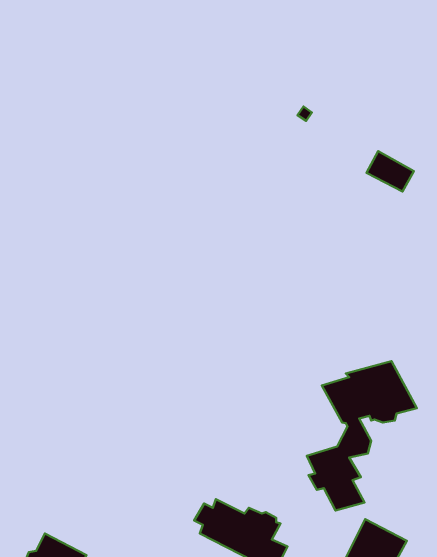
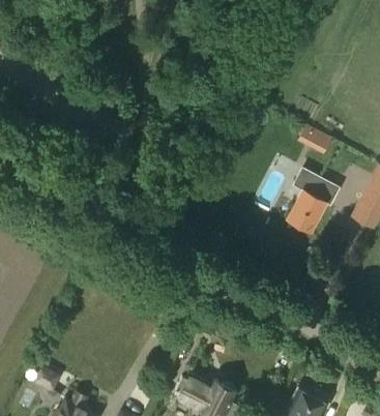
building: none -> [288,168,340,229]
building: [307,361,417,511] -> none

